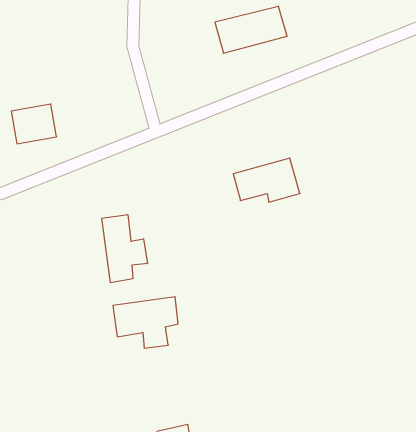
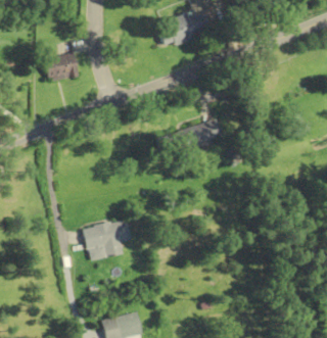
building: [11,104,57,144] -> [46,52,79,81]
building: [102,215,147,283] -> none

